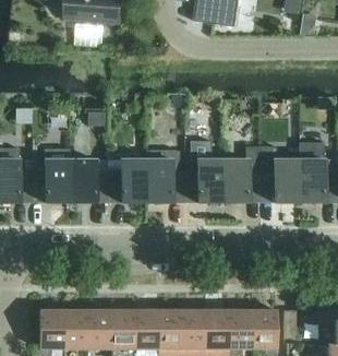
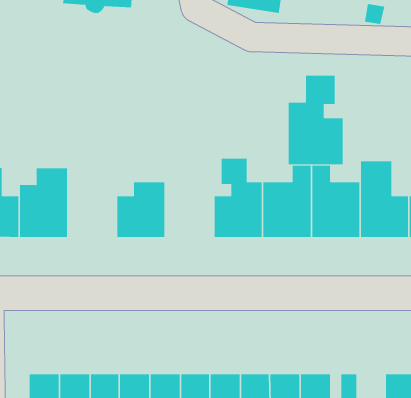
building: none -> [288,75,343,165]
building: [144,150,182,202] -> none
building: [68,159,106,202] -> none

